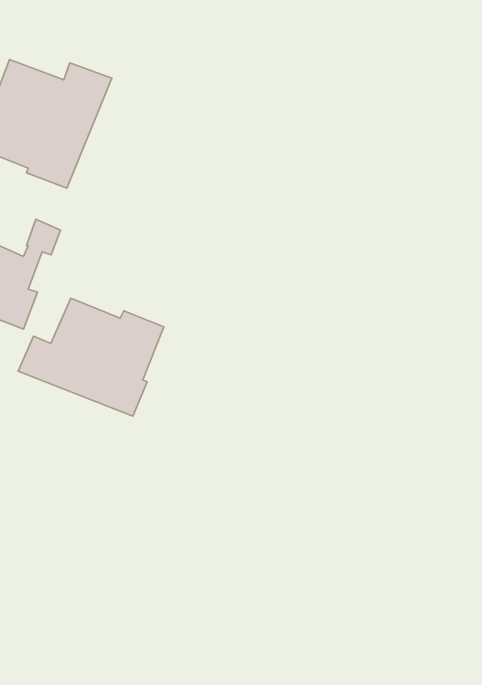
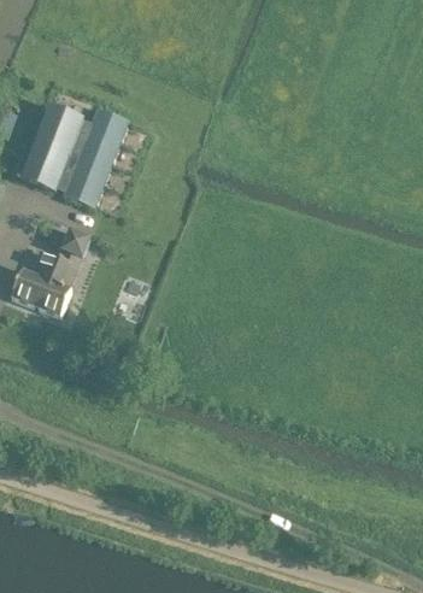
building: [18,298,164,416] -> none

